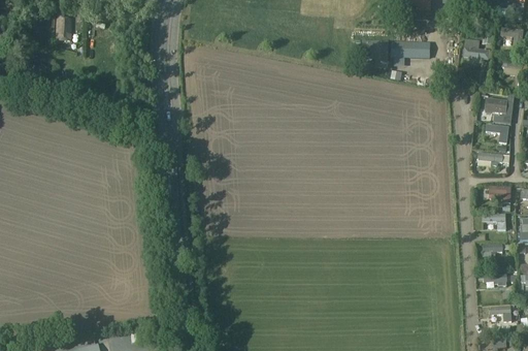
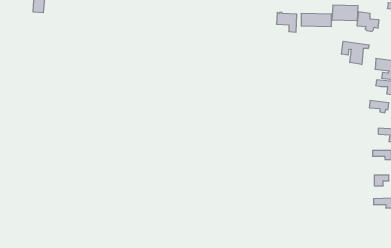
building: none -> [332,5,358,21]
building: none -> [342,41,369,65]

